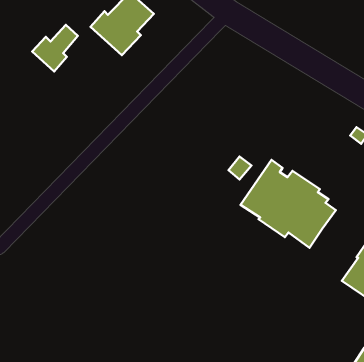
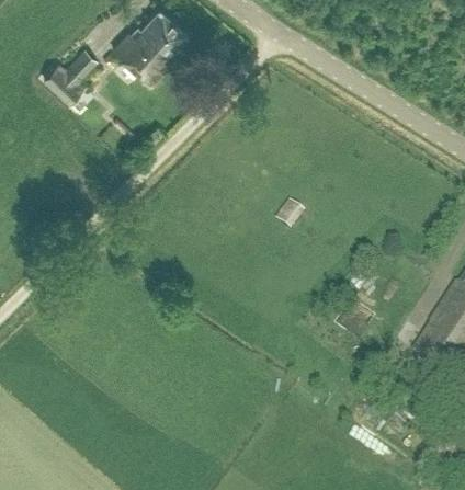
building: [241,160,336,248] -> none

